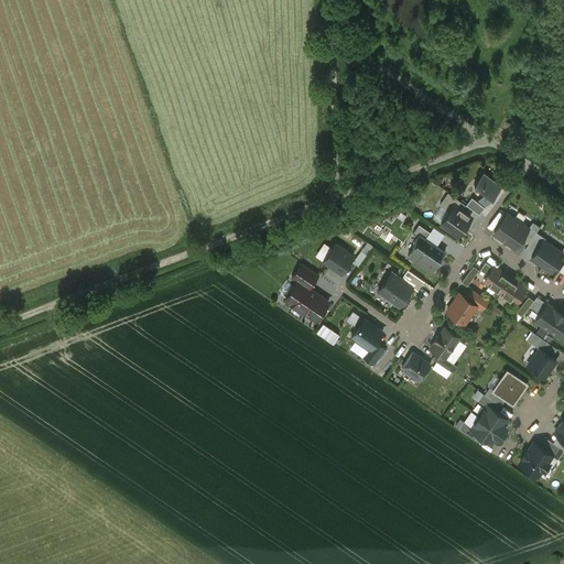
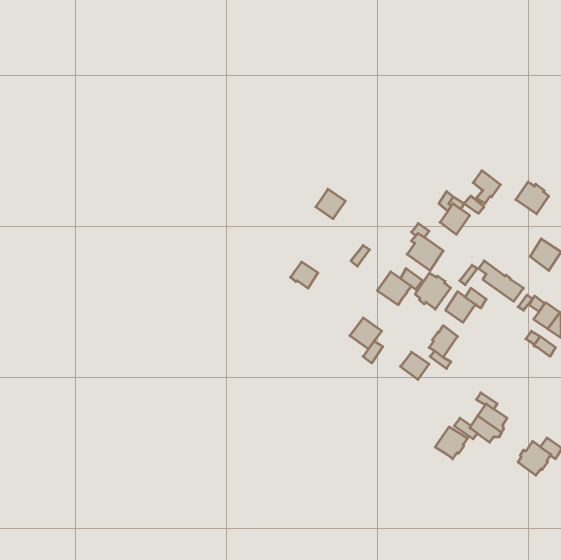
building: [494,216,527,248] -> [516,182,549,214]
building: [323,246,352,275] -> [316,189,345,219]
building: none -> [415,273,451,309]
building: [284,283,328,322] -> none
building: [527,350,556,380] -> none
building: [494,372,525,405] -> none
building: none -> [435,427,468,459]

